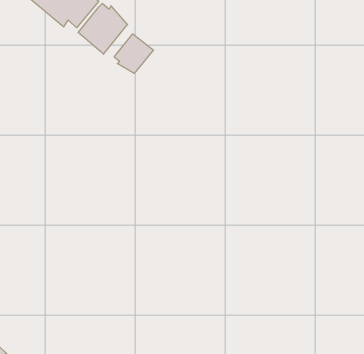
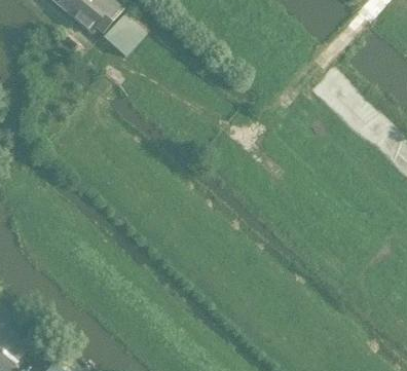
building: [114,34,154,73] -> none

